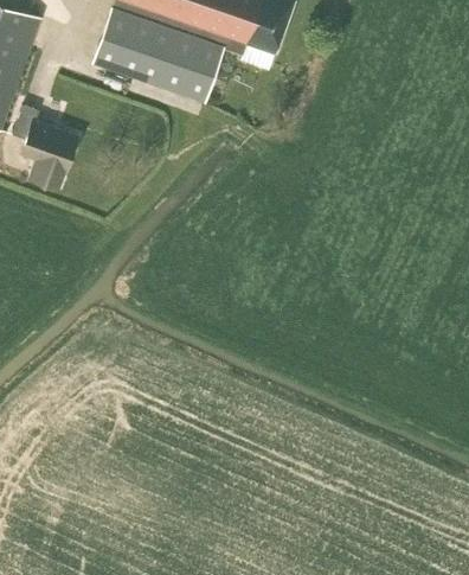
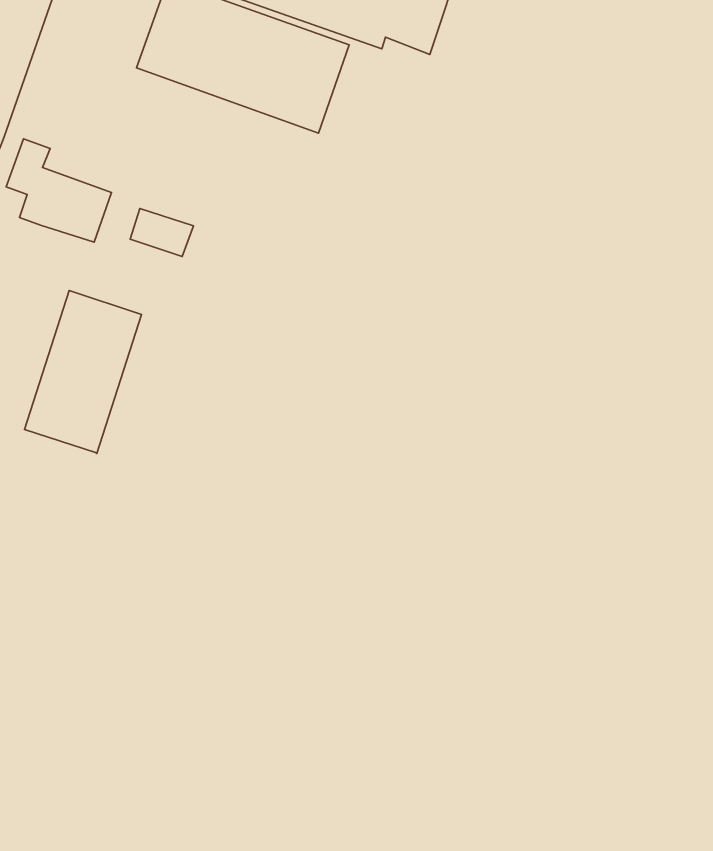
building: [27,158,66,187] -> [130,208,194,256]
building: none -> [24,291,141,454]

